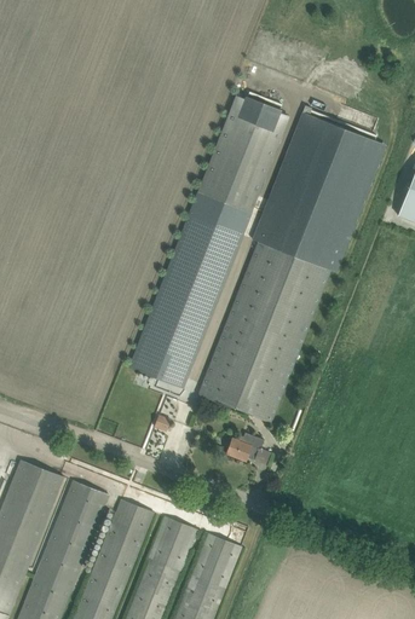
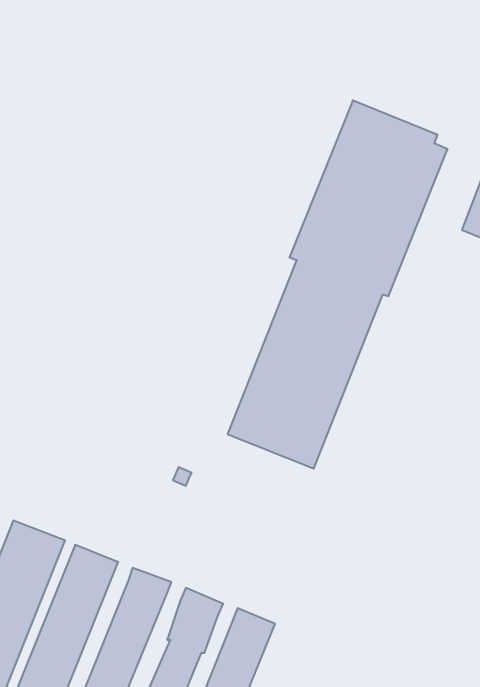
building: [128,97,287,387] -> none
building: [225,433,272,465] -> none

